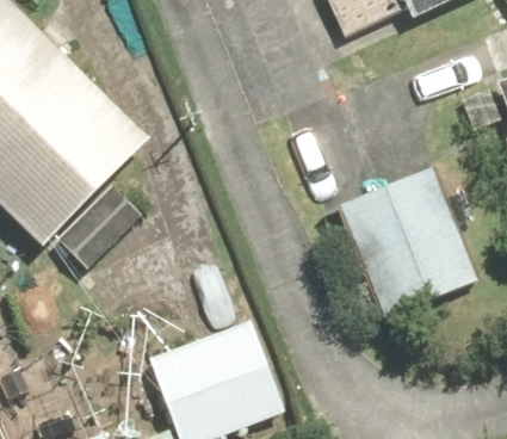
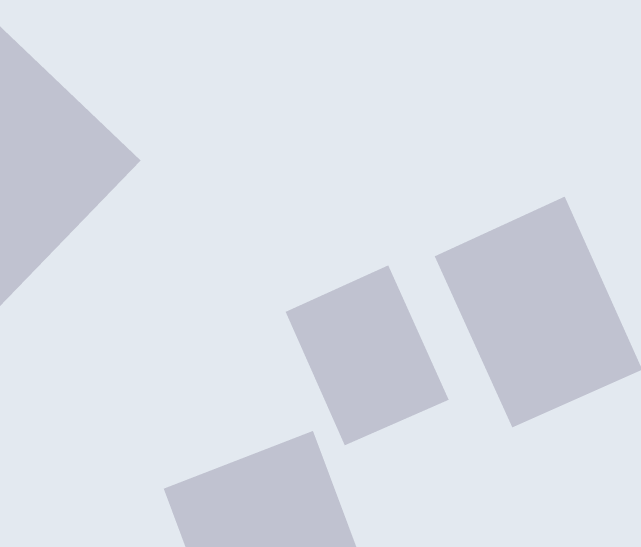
building: none -> [285,265,449,446]

